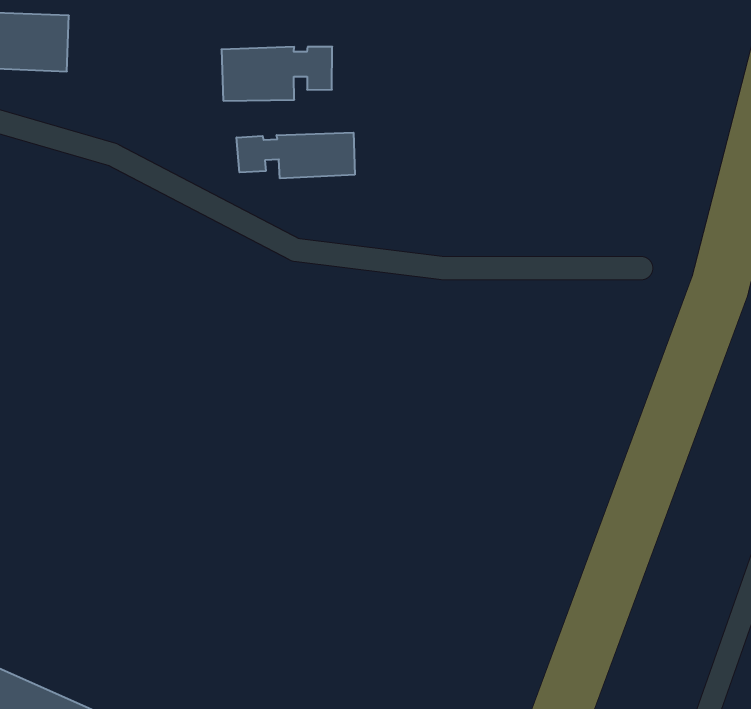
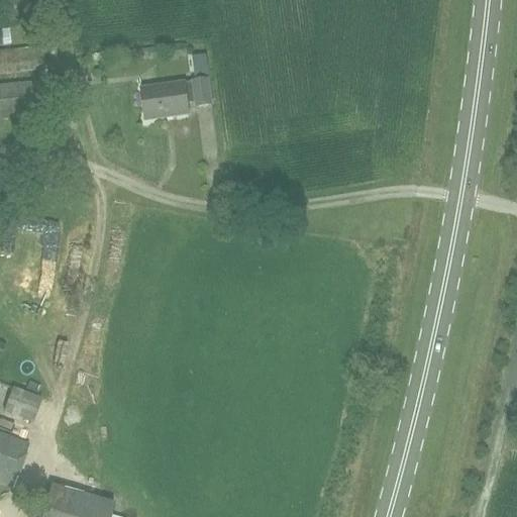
building: [237,133,355,178] -> none

